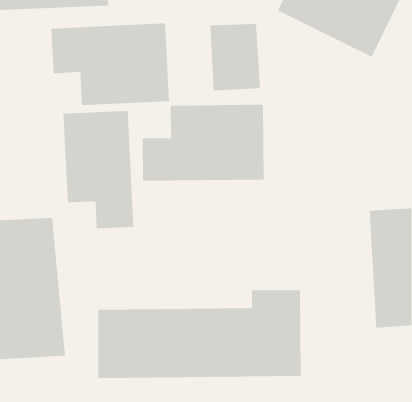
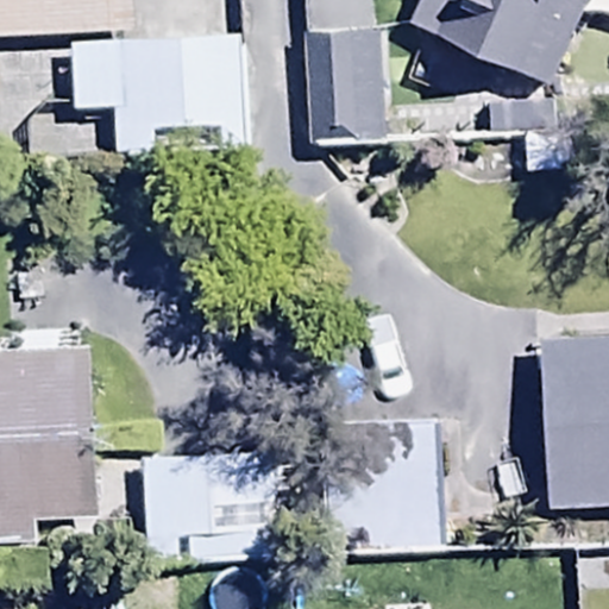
building: [142,104,264,182] -> none
building: [63,110,134,229] -> none

